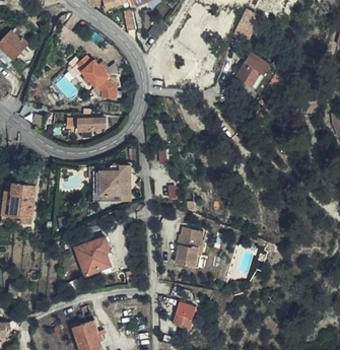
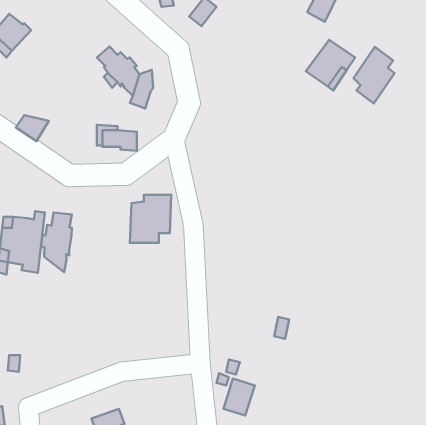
building: none -> [353,47,395,103]
building: none -> [41,213,72,272]
building: [174,228,202,268] -> none
building: [76,240,111,278] -> none

